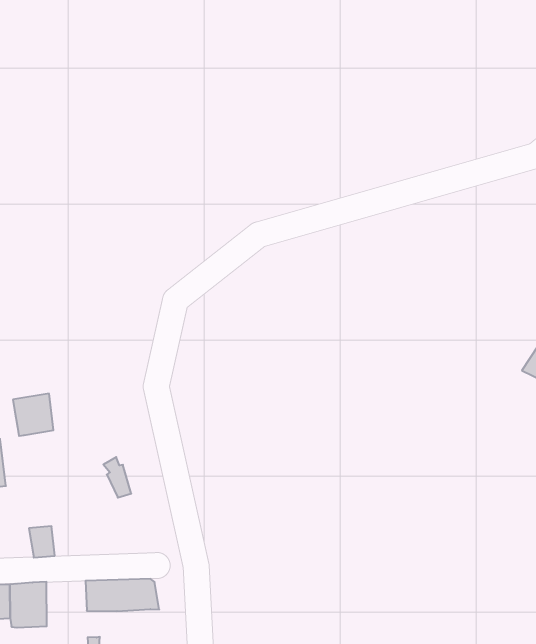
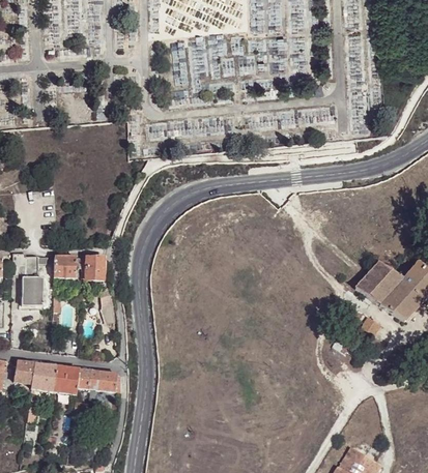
building: none -> [81,257,105,279]
building: none -> [53,365,80,394]

